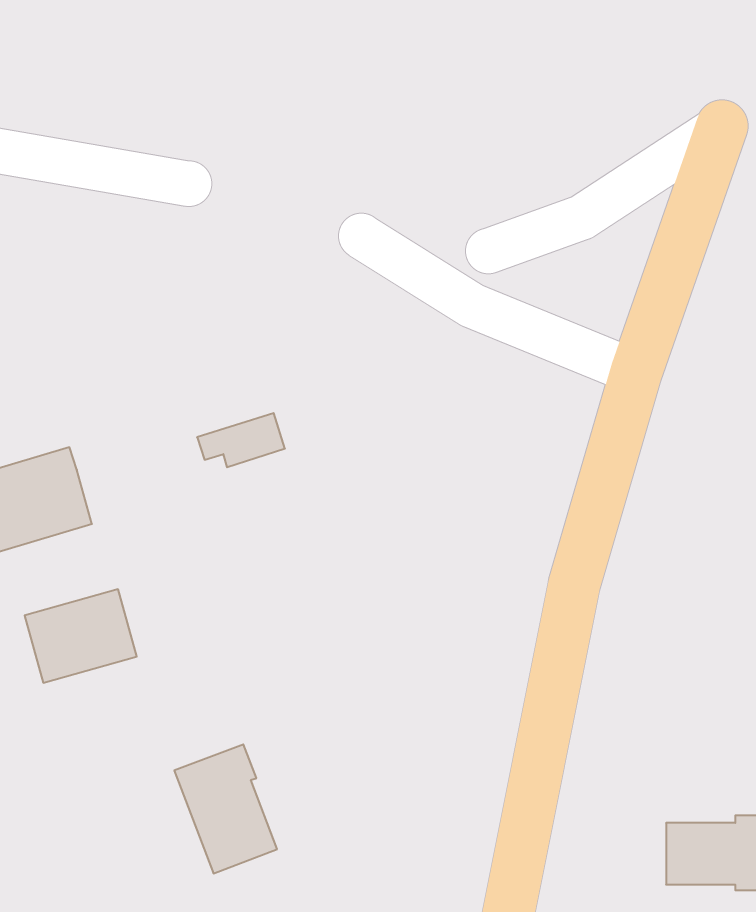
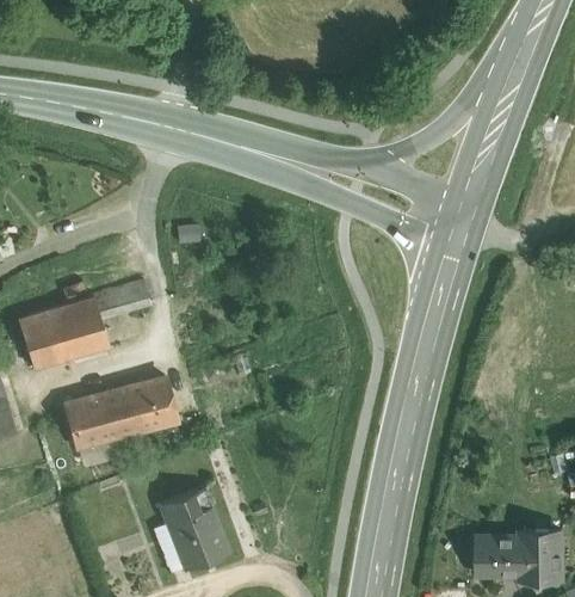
building: [197,413,285,467] -> [94,281,150,315]
building: none -> [125,377,177,430]

